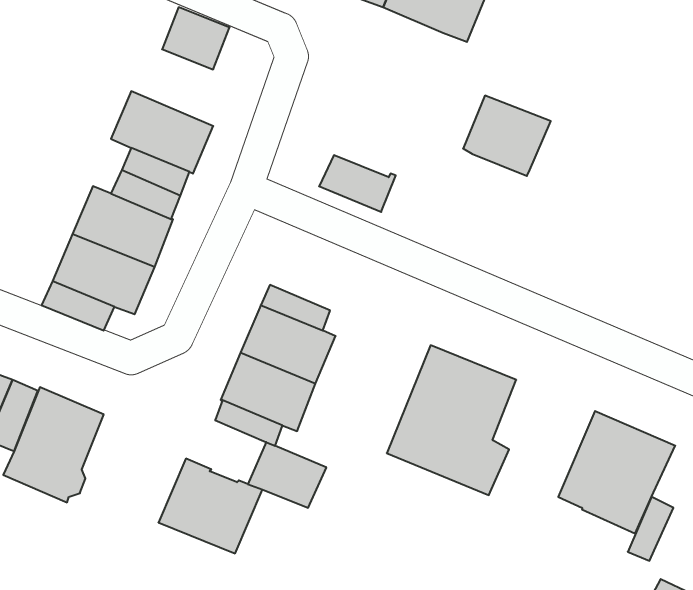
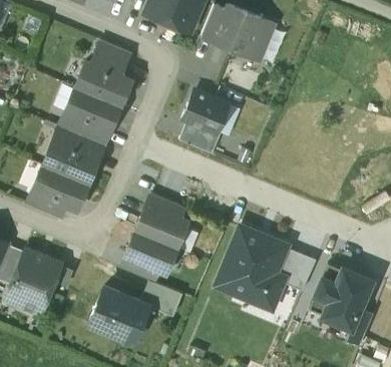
building: none -> [75,61,131,106]
building: [463,96,551,176] -> [181,90,230,134]
building: none -> [274,246,317,290]

